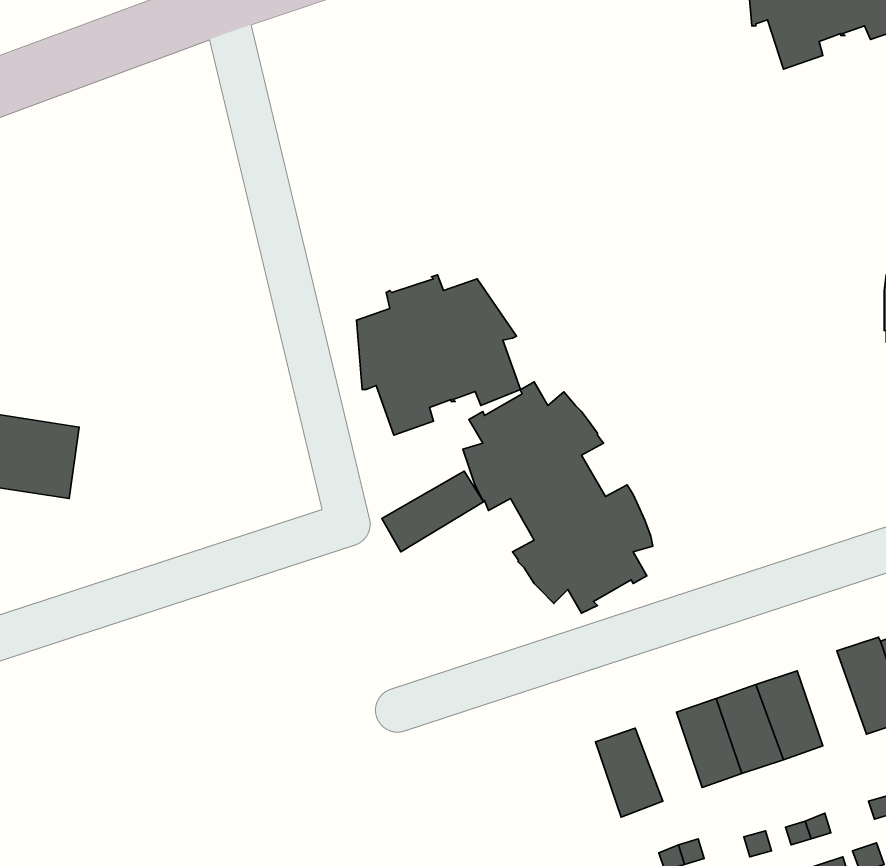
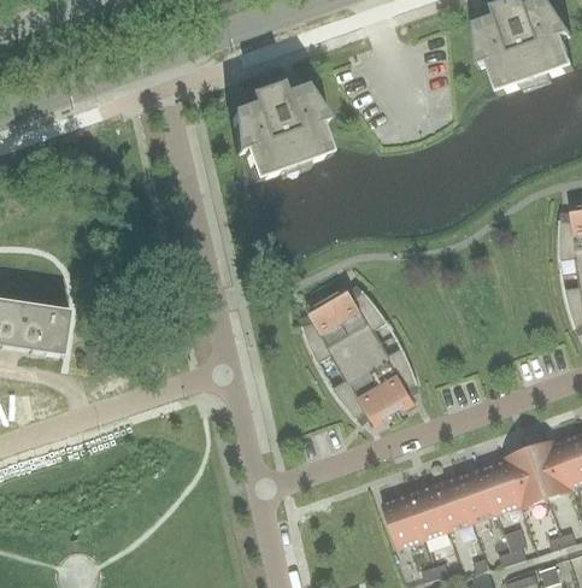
building: [356,275,521,435] -> [233,81,333,178]
building: [382,471,483,552] -> none
building: none -> [505,446,548,506]
building: none -> [407,483,448,537]

